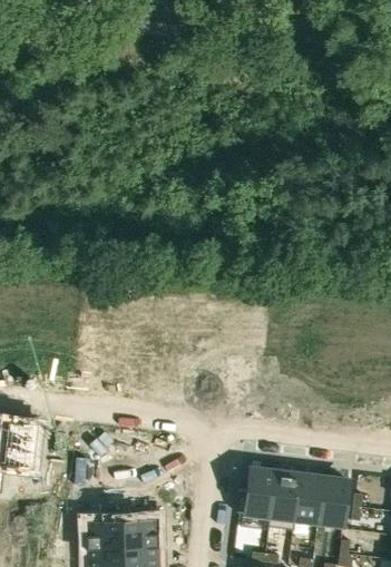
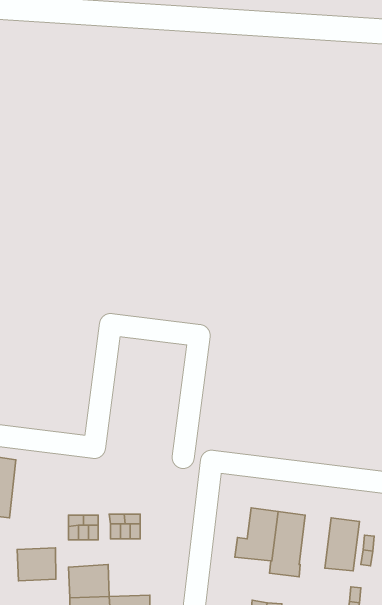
building: [295,475,324,522] -> none
building: none -> [17,548,56,581]
building: [123,518,160,548] -> none

